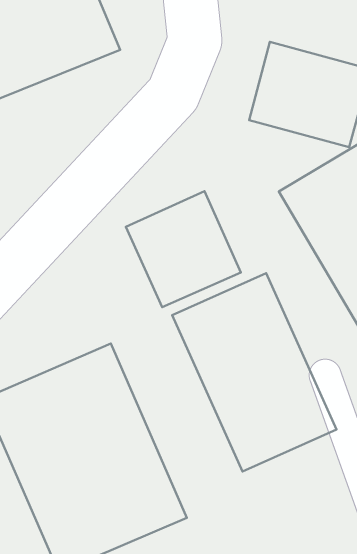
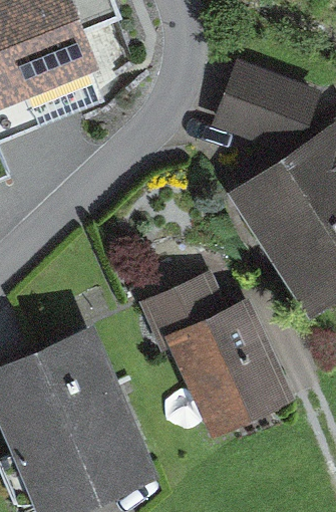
building: [126,191,241,307] -> none

